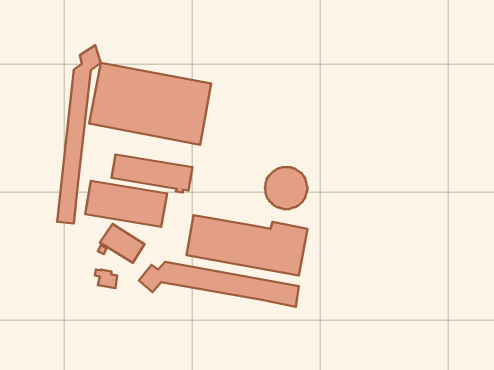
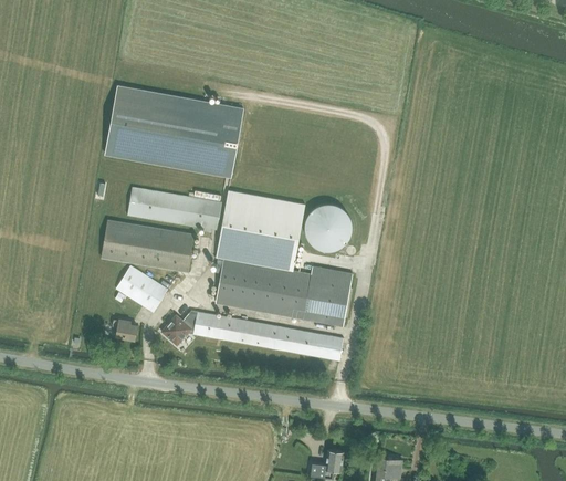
building: [57,45,101,224] -> none
building: none -> [216,190,305,270]

